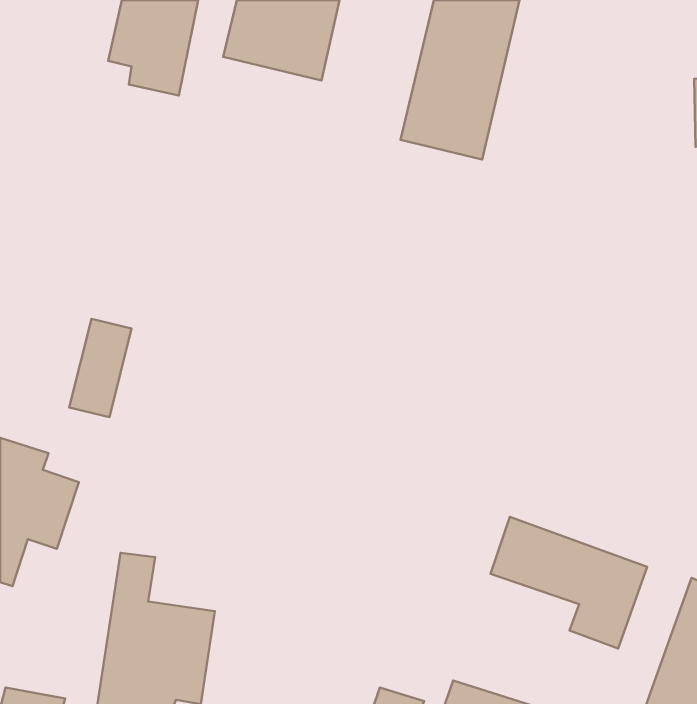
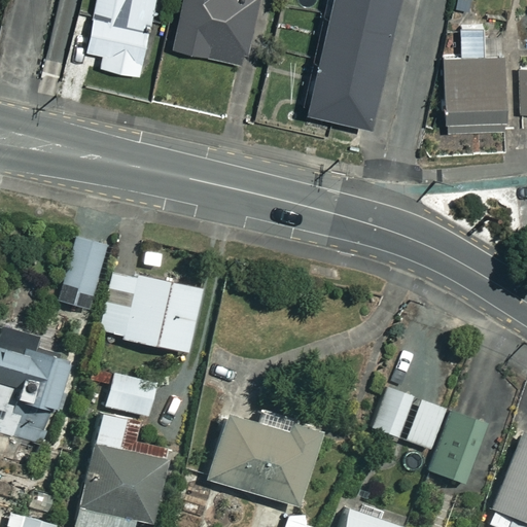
building: none -> [447,28,506,132]
building: none -> [103,273,201,352]
building: none -> [105,373,155,416]
building: none -> [205,411,316,505]

